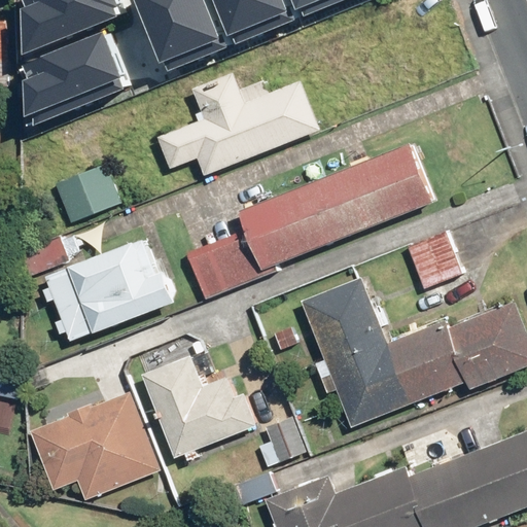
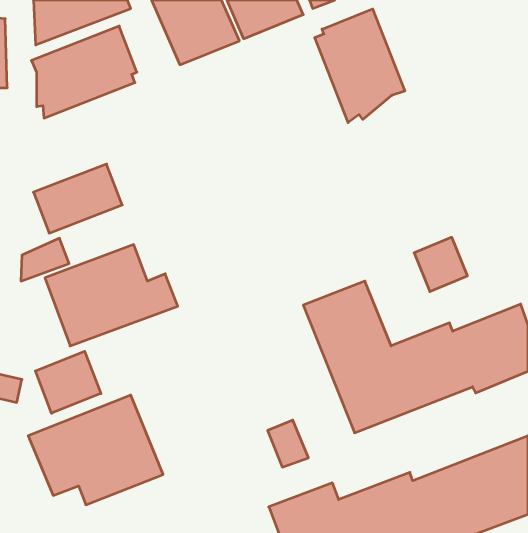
building: none -> [315,9,405,123]
building: [157,72,318,175] -> none
building: [185,143,433,298] -> none
building: none -> [35,351,101,413]
building: [140,355,256,458] -> none

